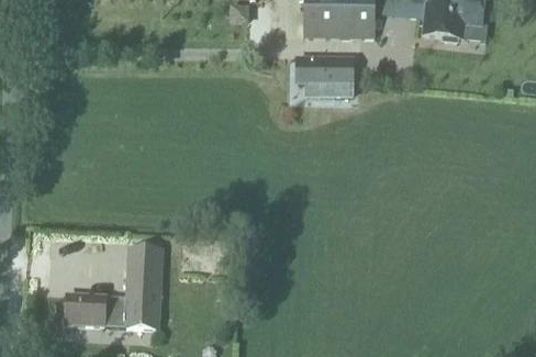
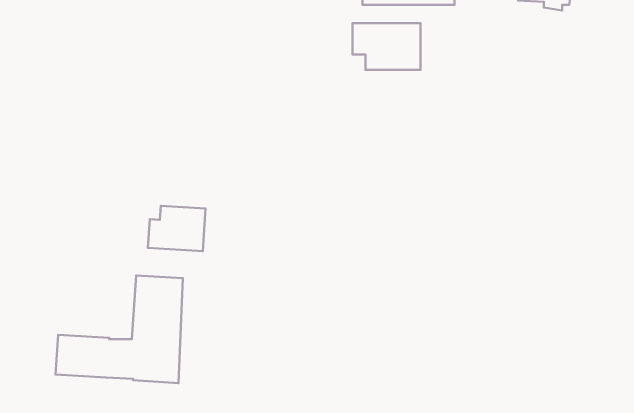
building: none -> [148,206,205,251]

